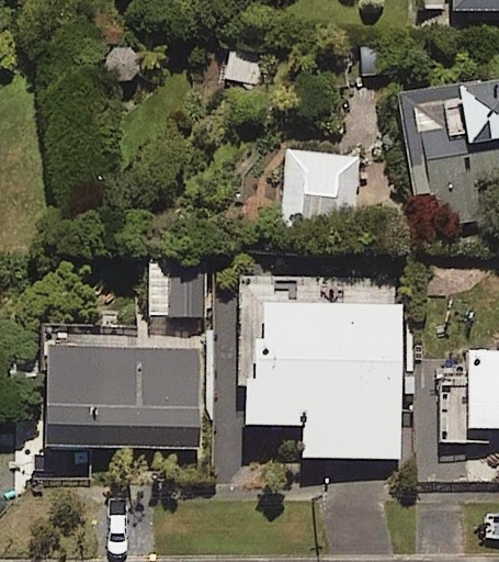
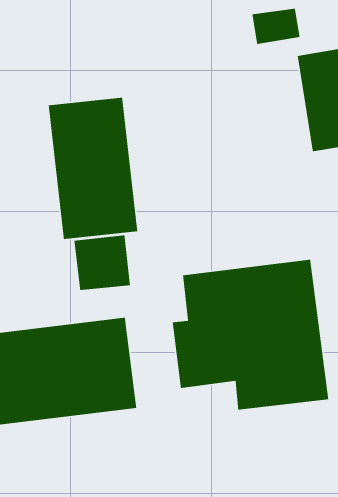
building: none -> [48,97,138,240]
building: [284,153,358,231] -> none

